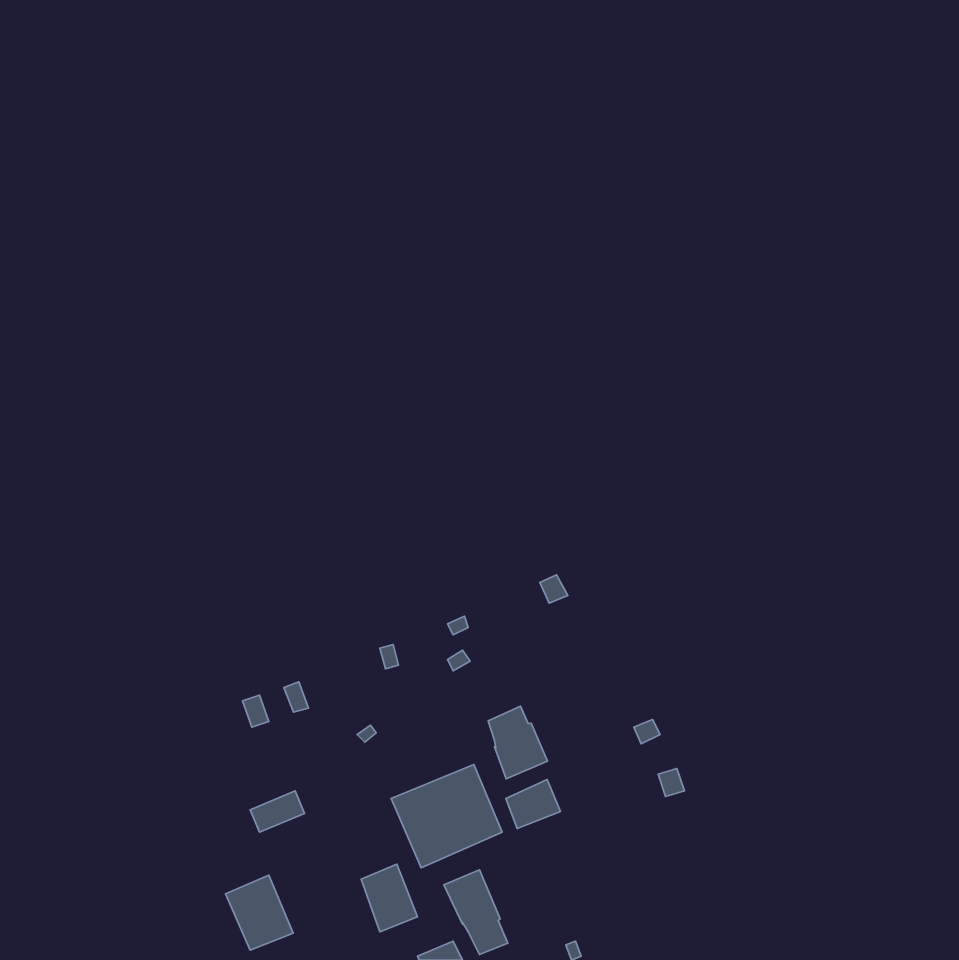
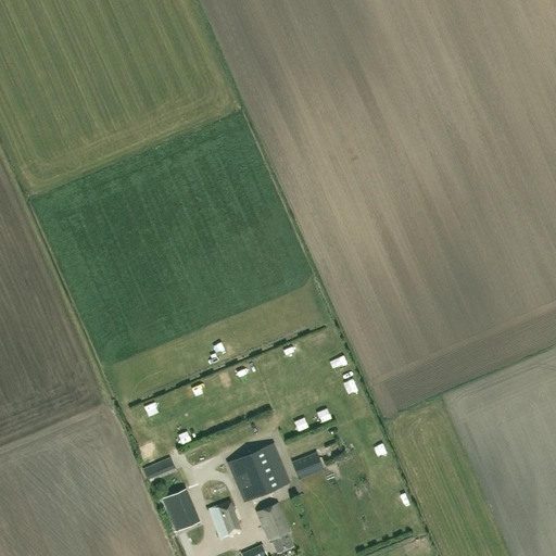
building: [488,706,547,779] -> none
building: [226,875,293,950] -> [162,488,201,531]

